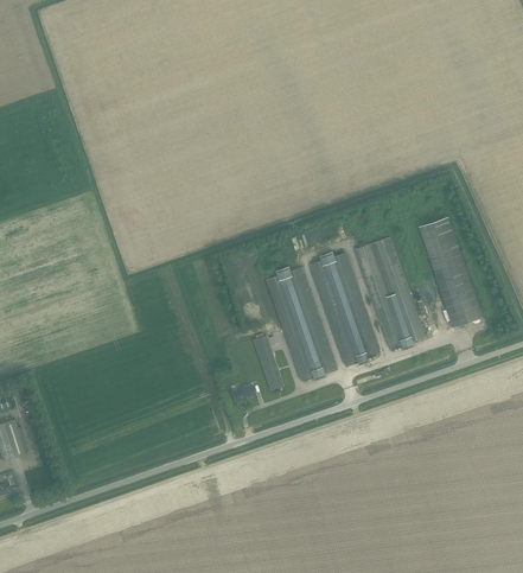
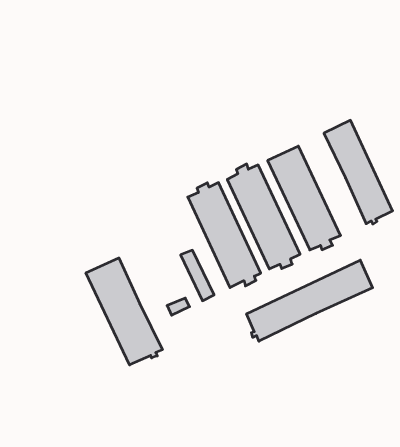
building: none -> [86,258,162,365]
building: none -> [247,260,373,341]

